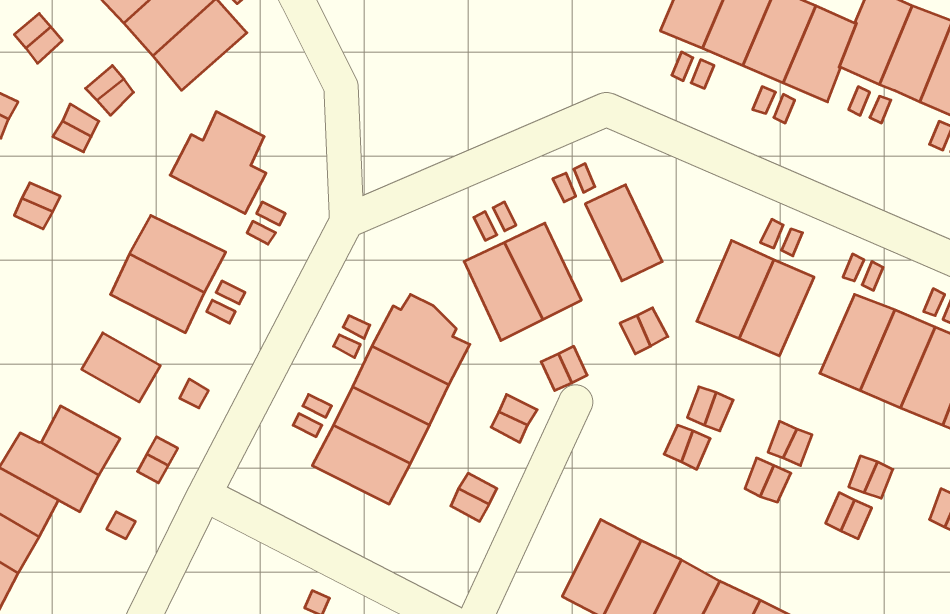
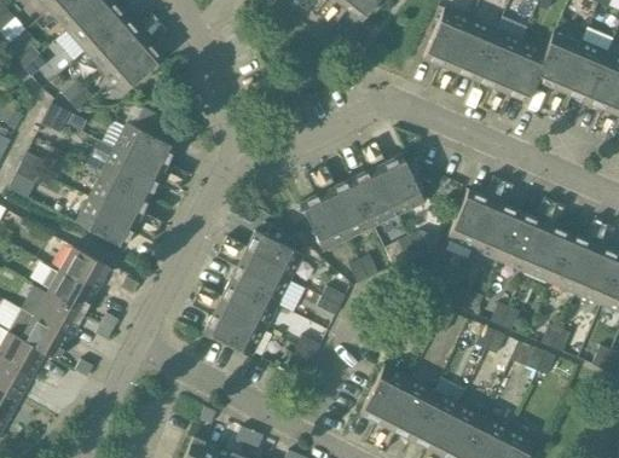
building: none -> [103,147,162,196]
building: none -> [351,166,399,226]
building: none -> [498,211,545,272]
building: none -> [42,268,96,313]

